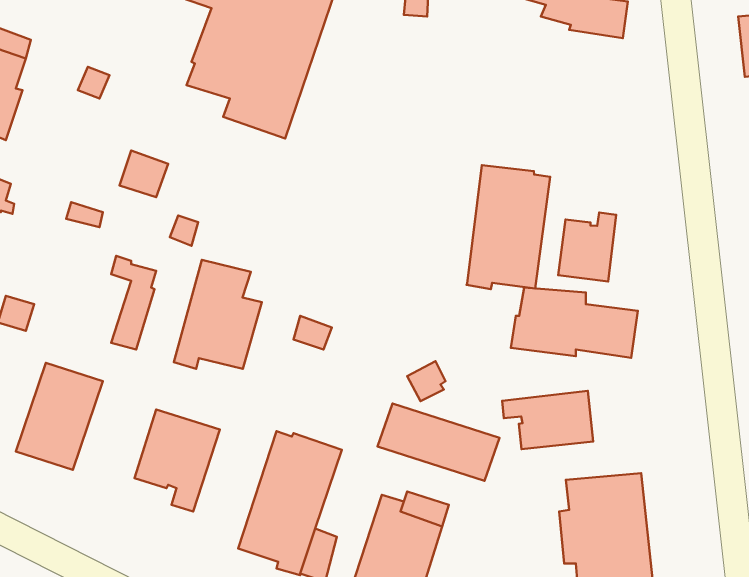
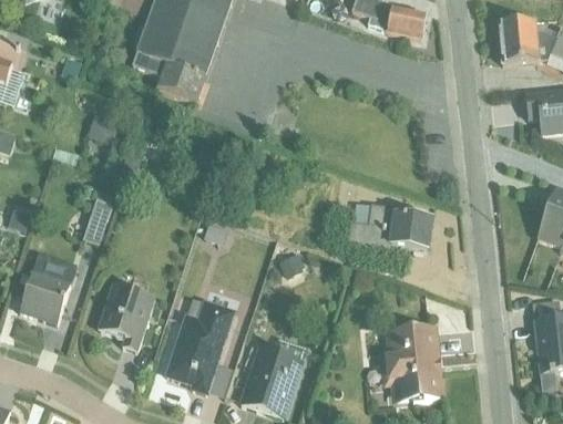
building: [466,165,550,289] -> none
building: [558,212,616,282] -> none
building: [174,260,262,369] -> none
building: [502,391,593,449] -> none
building: [378,404,499,481] -> none

